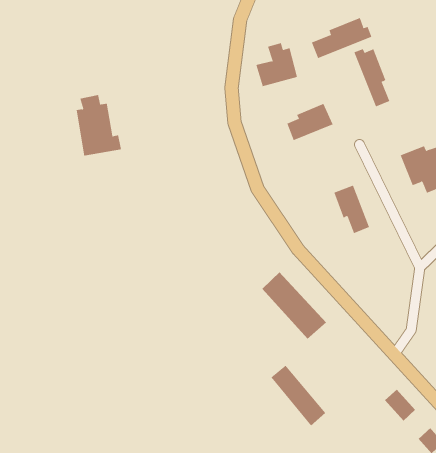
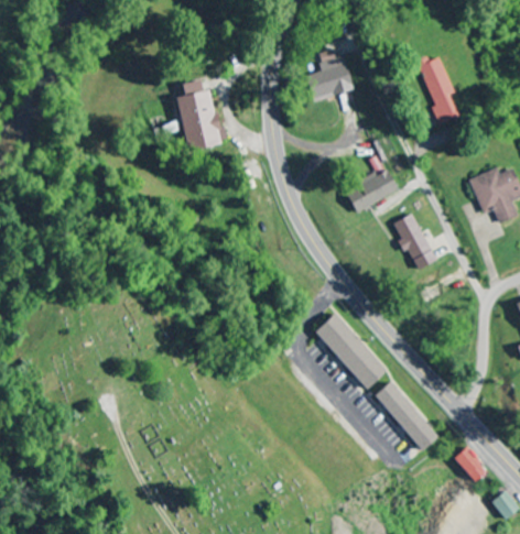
building: [311,17,372,59] -> none
building: [76,95,122,156] -> [175,79,228,150]
building: [286,103,334,141] -> [346,168,400,211]
building: [271,365,326,426] -> [373,381,437,451]

